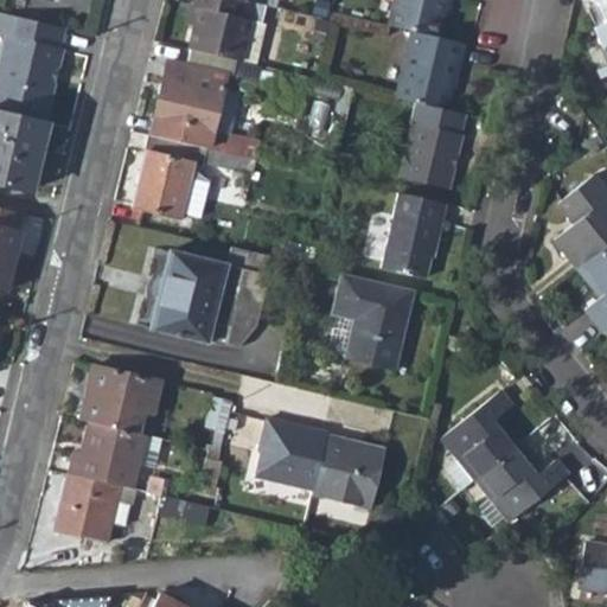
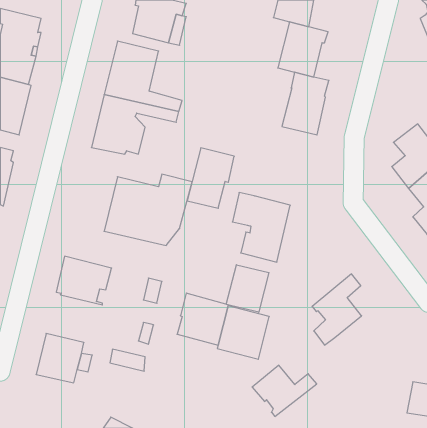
building: [382,192,448,277] -> [187,148,234,208]
building: none -> [226,265,269,312]
building: [68,417,147,487] -> none
building: [475,447,567,519] -> [252,365,317,416]

